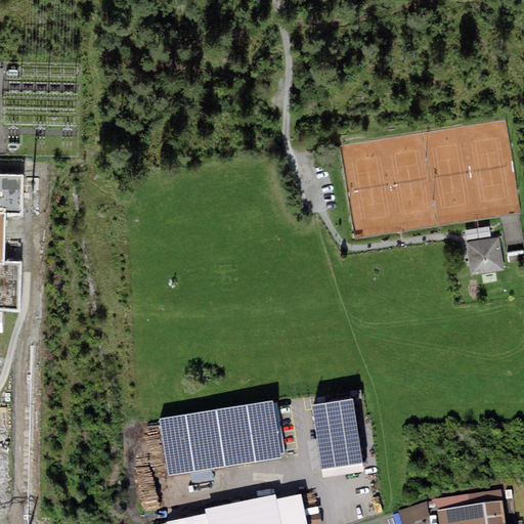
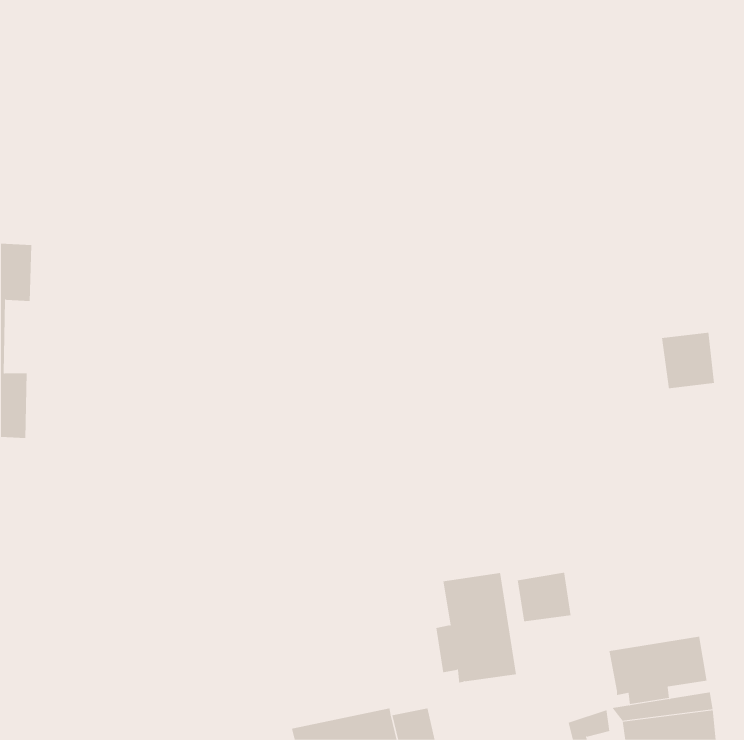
building: none -> [517,572,571,622]
building: [159,402,285,477] -> none
building: none -> [609,636,707,705]

